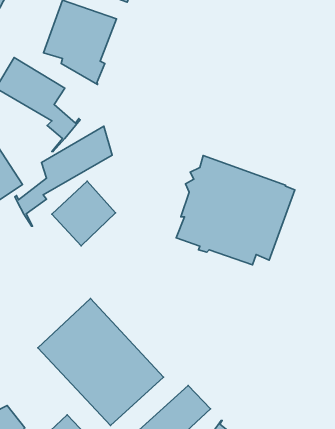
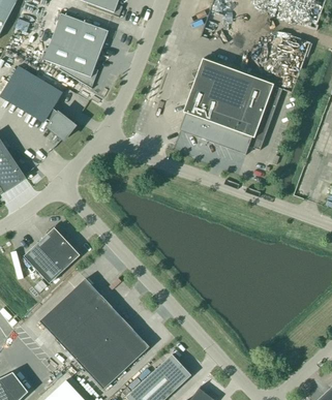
building: [15,126,112,226] -> none
building: [176,156,295,265] -> [179,59,283,155]
building: [52,181,115,246] -> [24,227,80,284]

